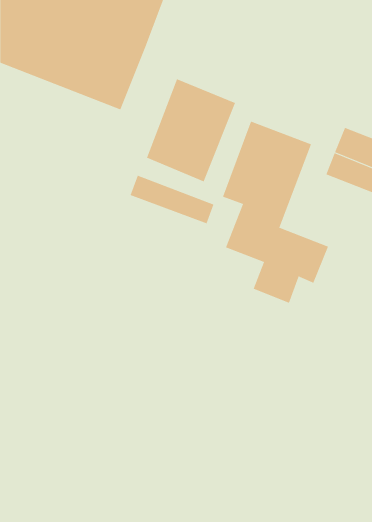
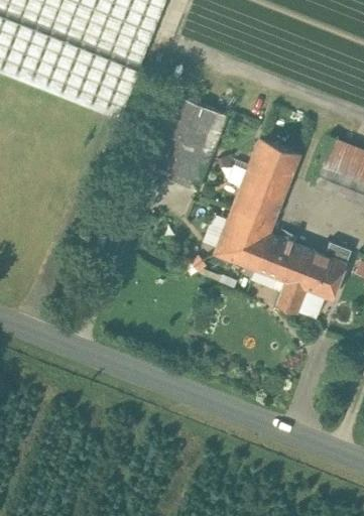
building: [130,175,214,224] -> none
building: none -> [279,239,353,310]

